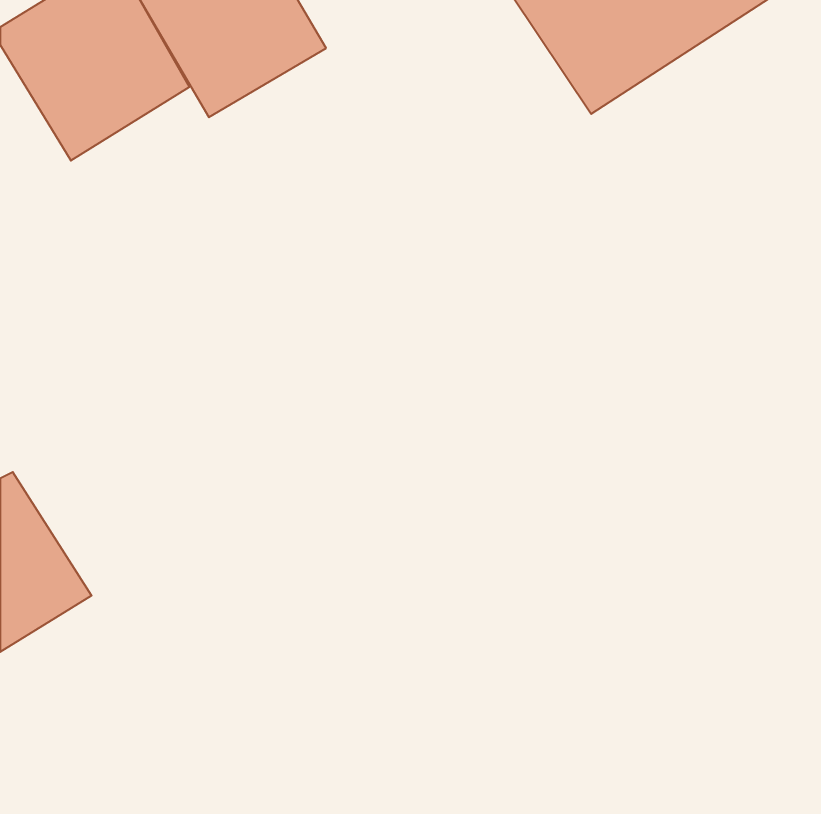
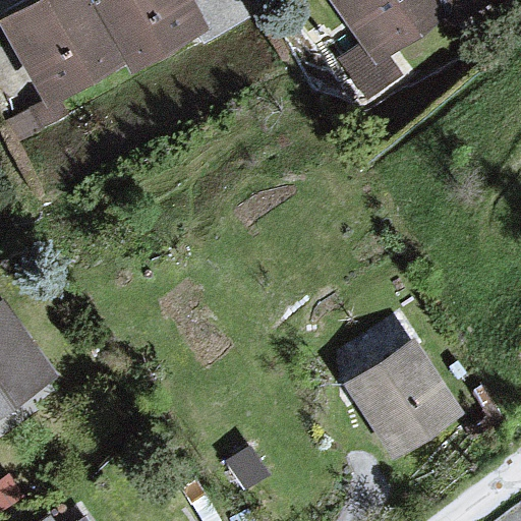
building: none -> [341,337,460,456]

